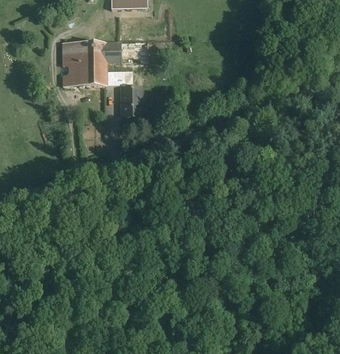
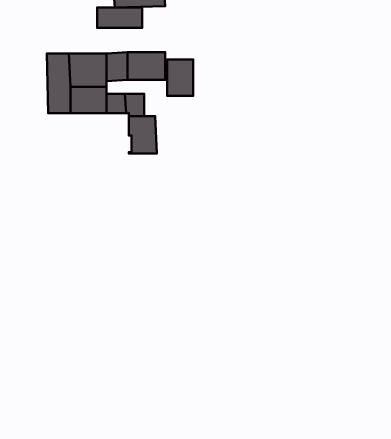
building: none -> [97,8,142,28]
building: none -> [167,59,193,96]

